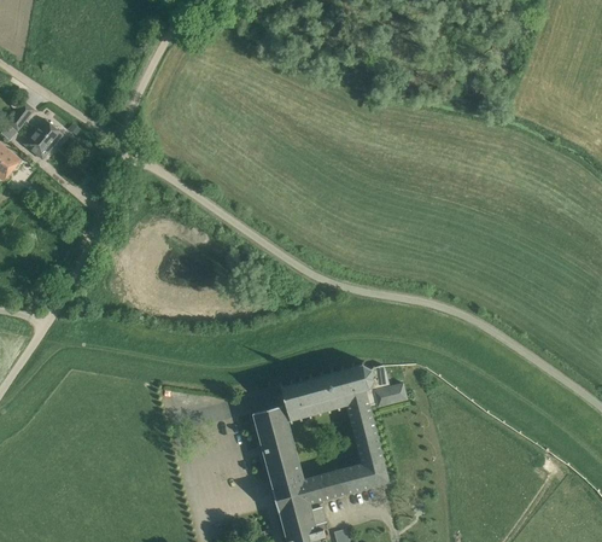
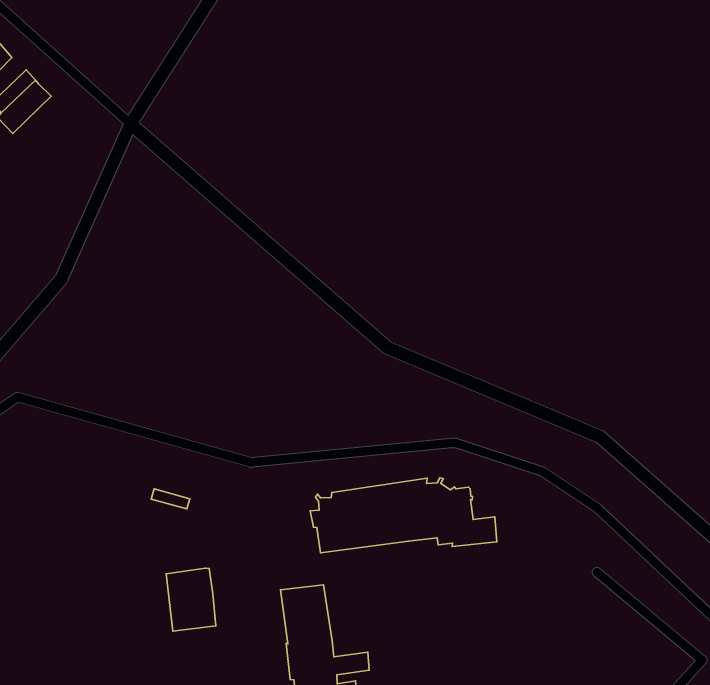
building: [303,401,387,497] -> none
building: [253,404,292,450] -> [166,568,216,631]

